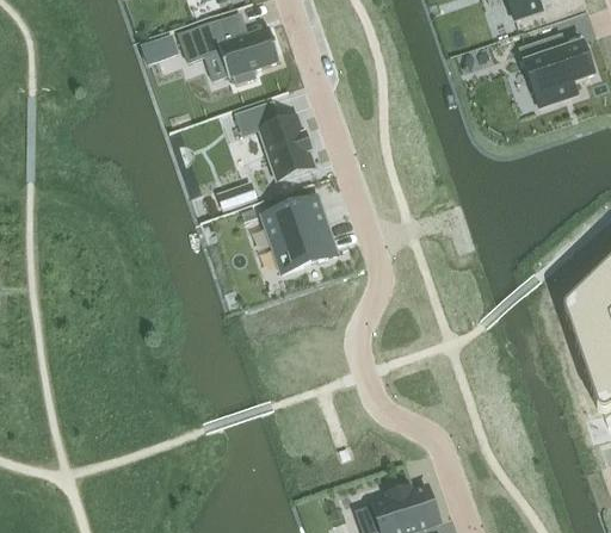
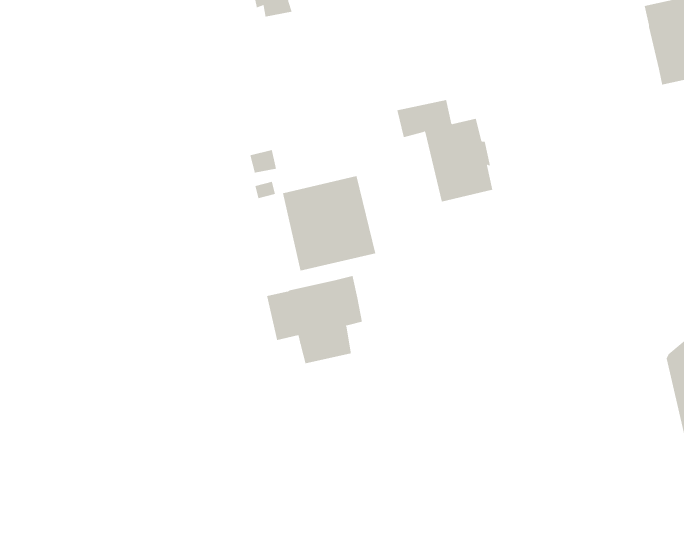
building: [237,101,316,179] -> [396,99,493,202]
building: none -> [266,275,363,364]

